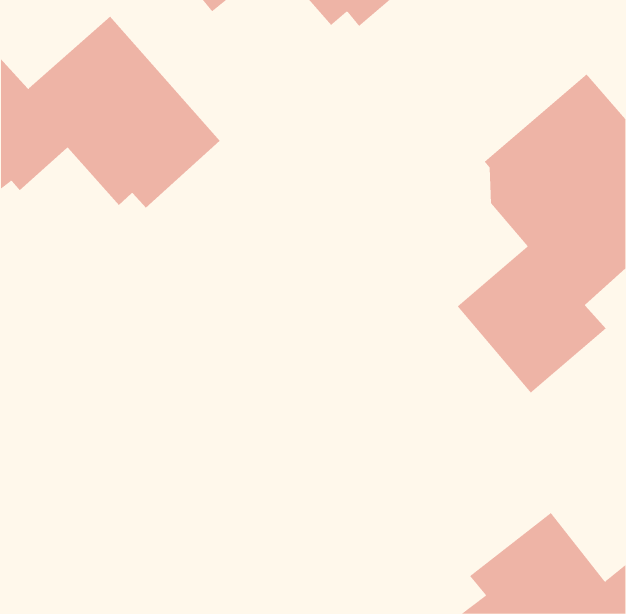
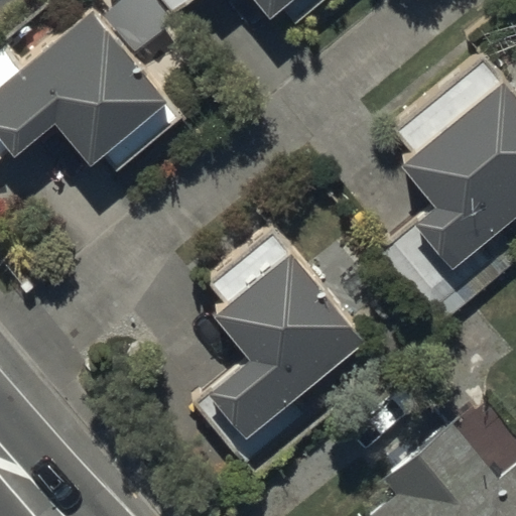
building: none -> [195,232,362,461]

